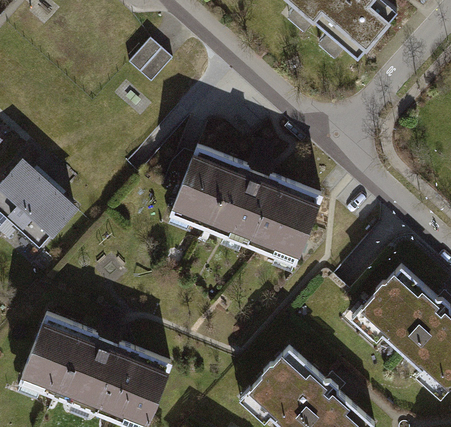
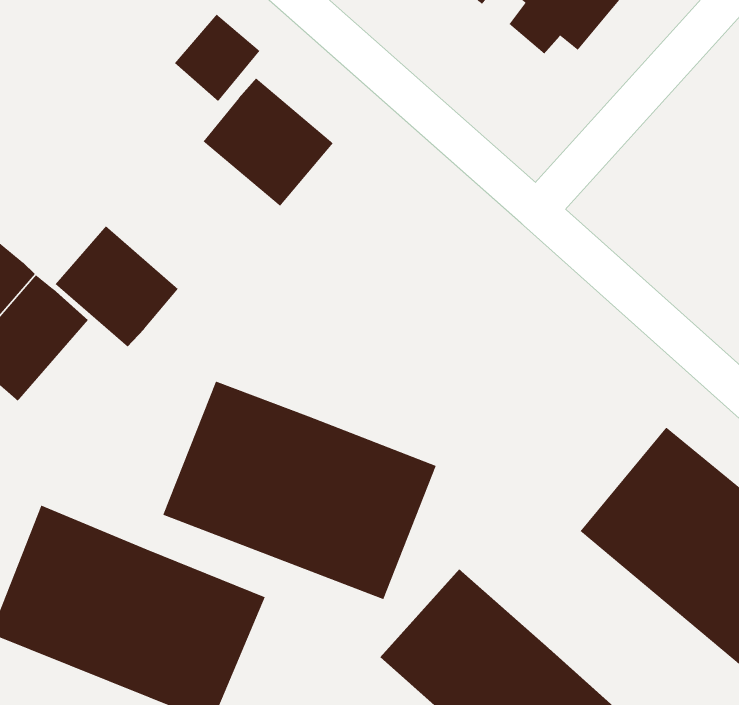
building: none -> [202,78,334,207]
building: [168,145,323,269] -> [162,380,437,600]
building: none -> [54,225,179,348]

